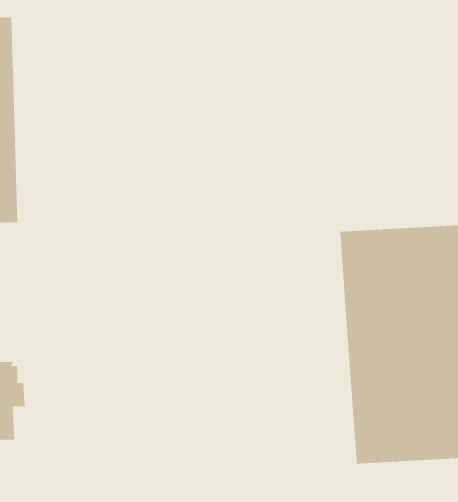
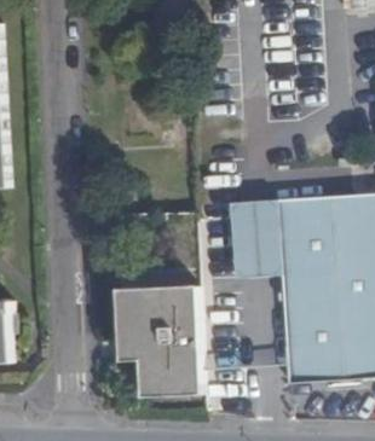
building: none -> [227,196,278,272]
building: none -> [128,285,202,388]

